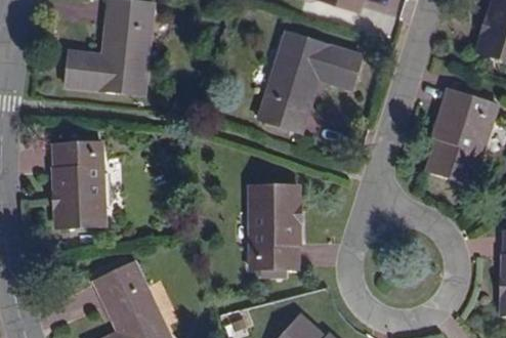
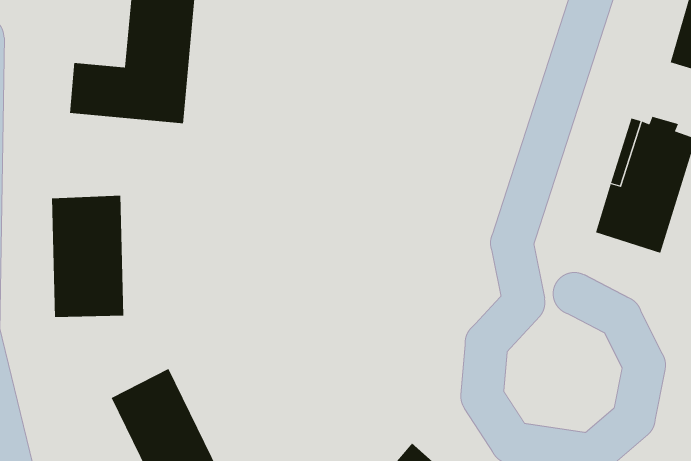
building: [257,31,361,131] -> none
building: [249,185,297,276] -> none

